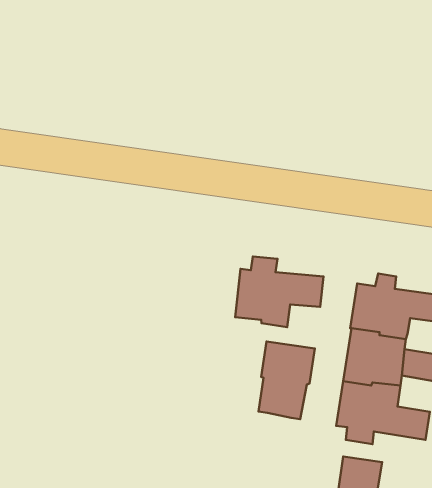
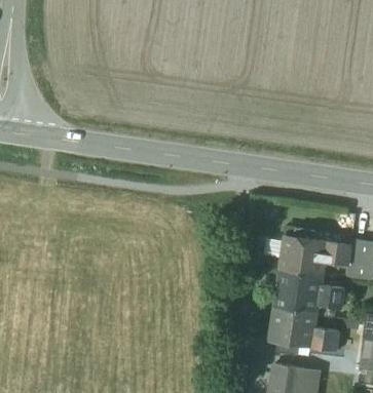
building: [235,257,324,327] -> none
building: [259,342,315,419] -> none

